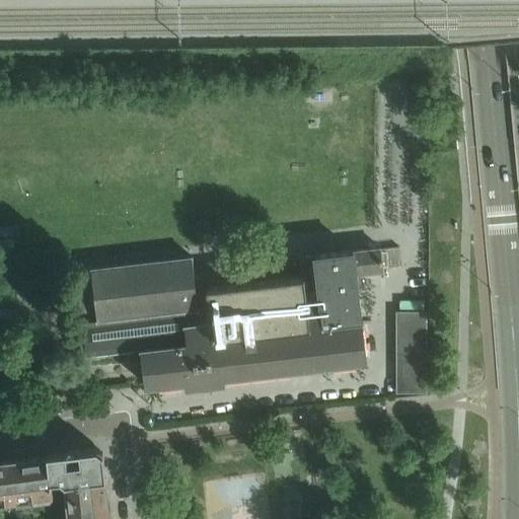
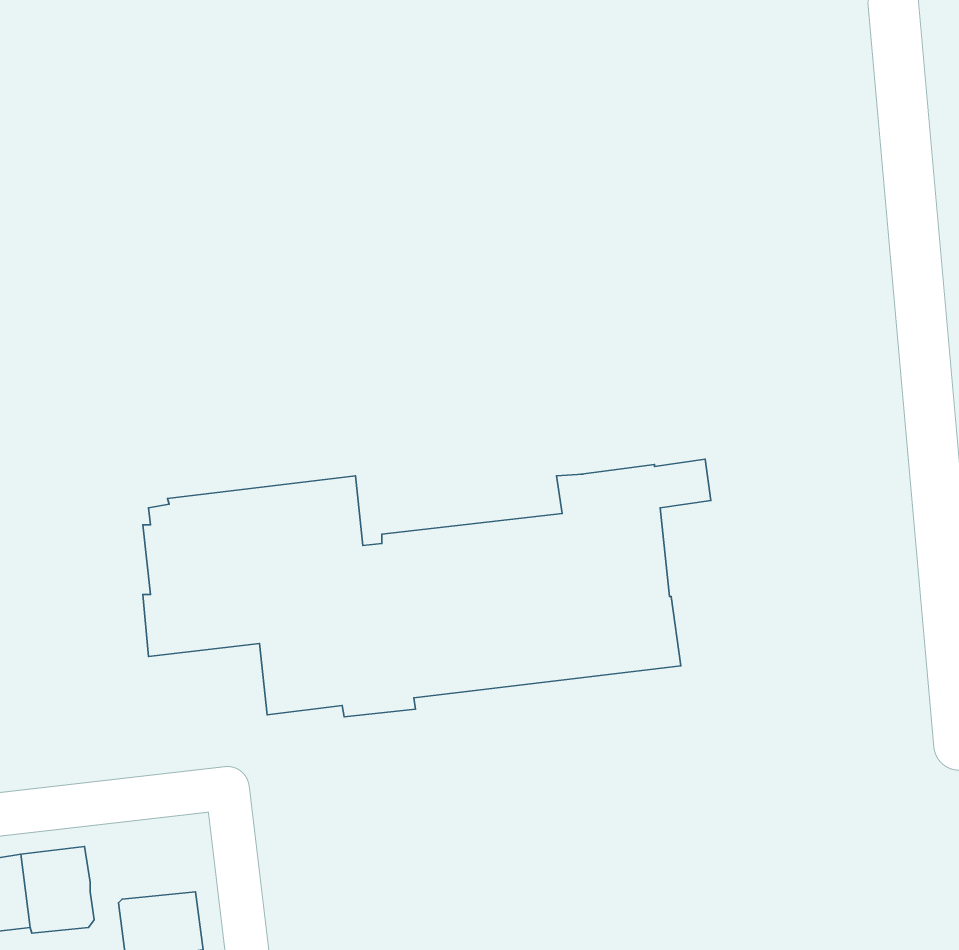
building: [398,318,429,399] -> none
building: [46,454,105,491] -> none

